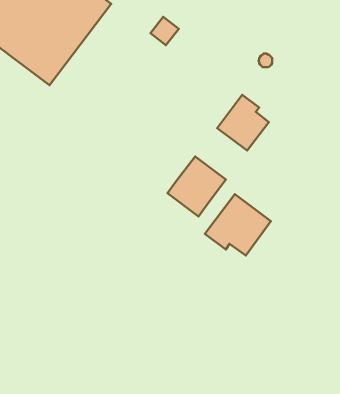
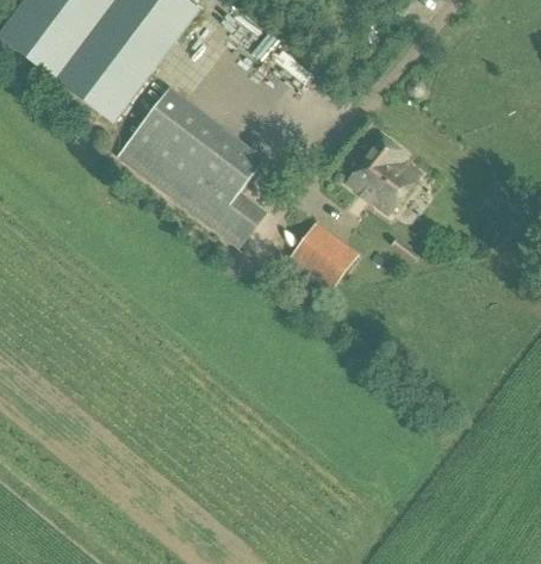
building: none -> [117,89,267,248]
building: [205,194,271,255] -> none

